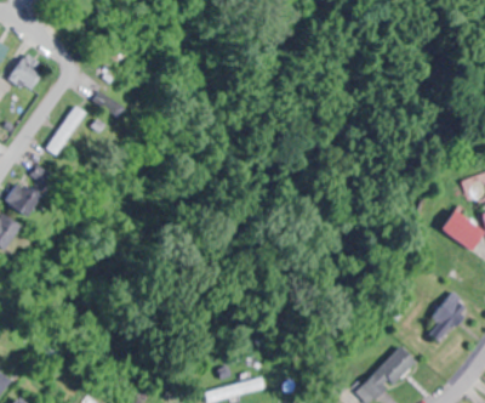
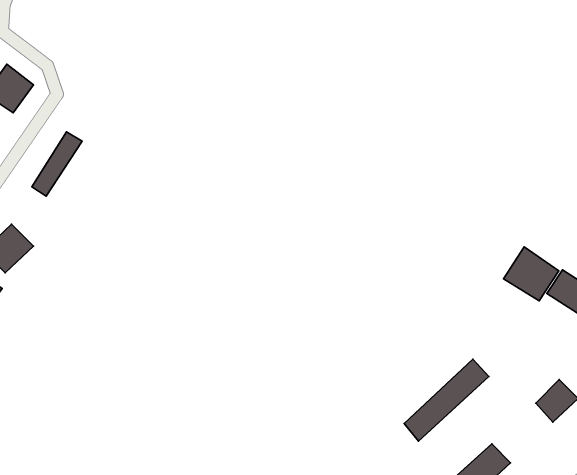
building: none -> [504,247,559,301]
building: none -> [404,359,489,441]

